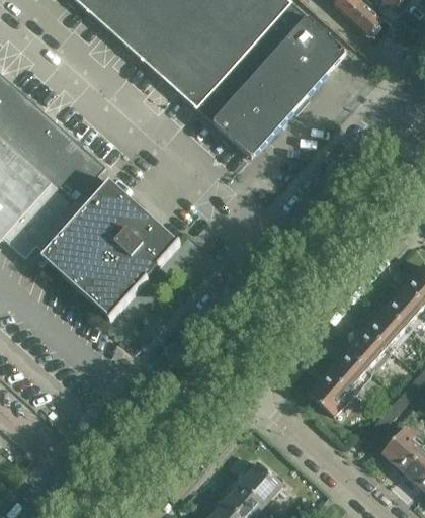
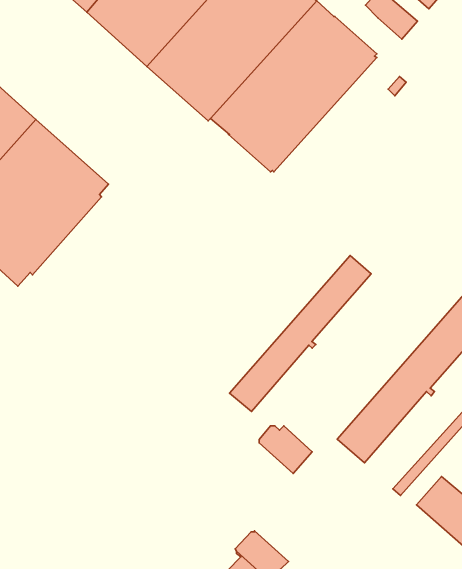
building: [37,176,177,316] -> none
building: none -> [230,255,371,411]
building: [236,459,283,502] -> [259,426,312,473]

